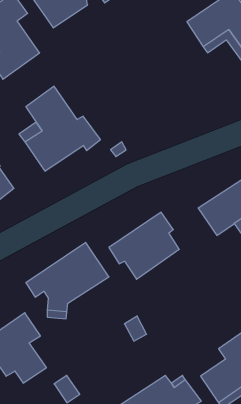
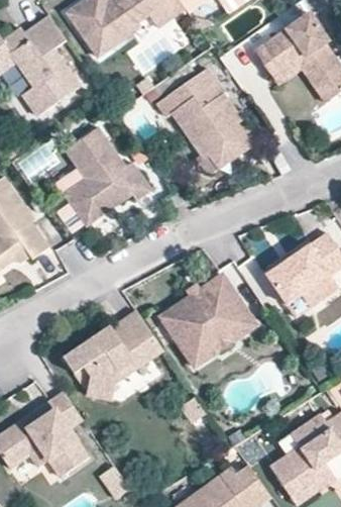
building: none -> [155,68,252,171]
building: none -> [174,295,256,366]

